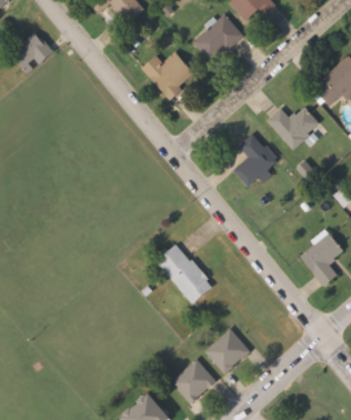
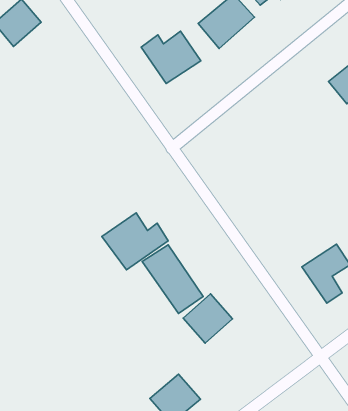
building: [265,107,319,148] -> none
building: [232,131,280,186] -> none
building: none -> [102,213,168,270]
building: [204,328,249,372] -> [183,294,233,343]

